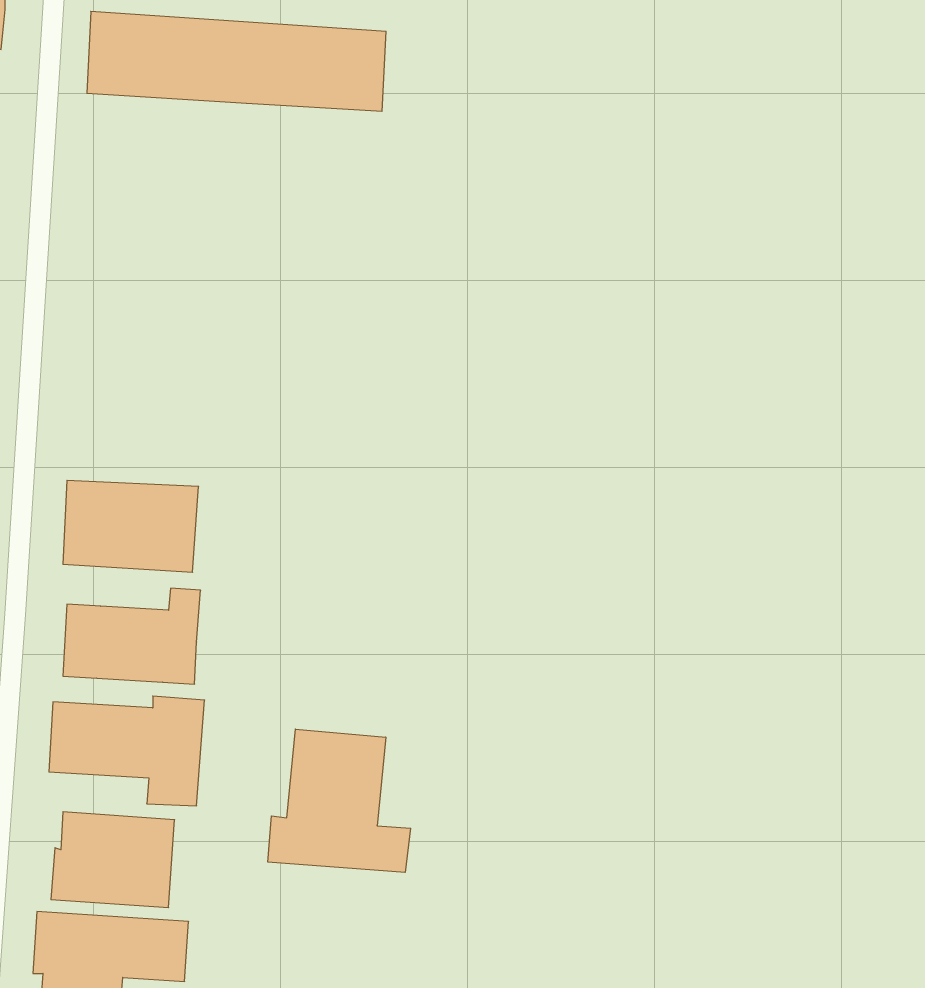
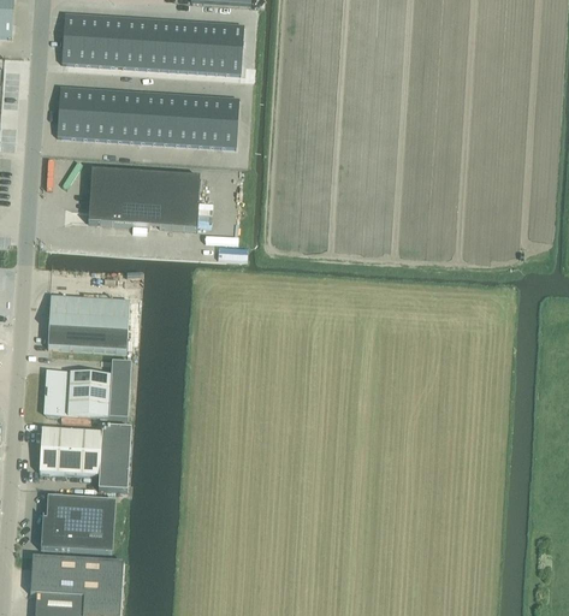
building: none -> [58,85,239,147]
building: none -> [88,168,200,227]
building: [268,729,411,872] -> none

